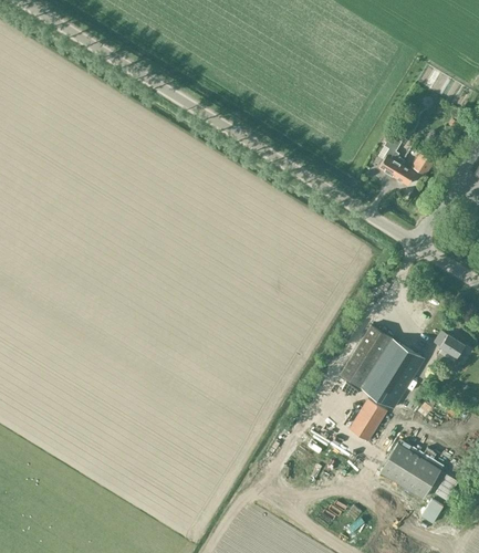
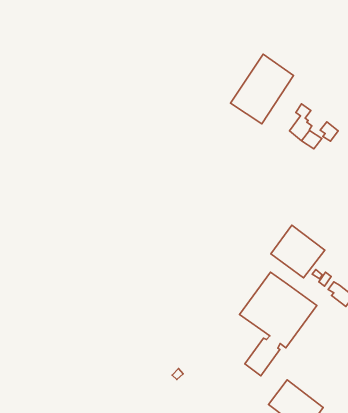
building: none -> [230,54,294,124]
building: none -> [271,225,325,278]

